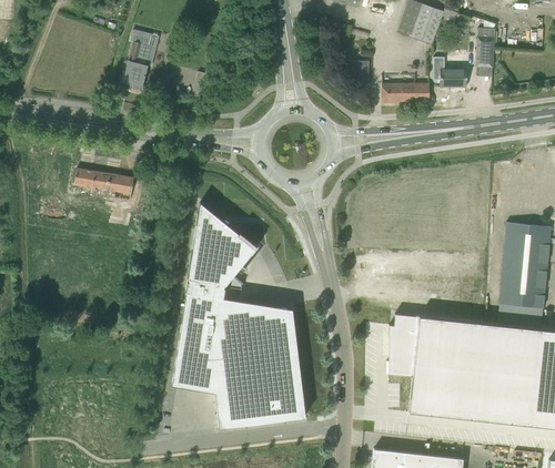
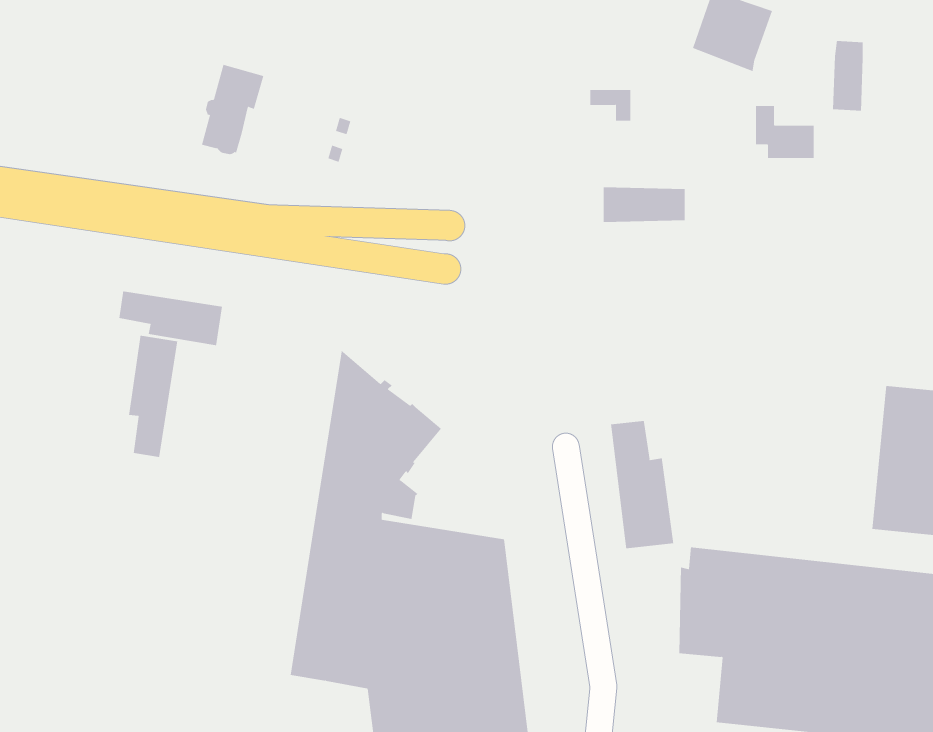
building: [382,84,428,104] -> [603,187,686,222]
building: none -> [129,335,178,458]
building: none -> [611,420,674,549]

